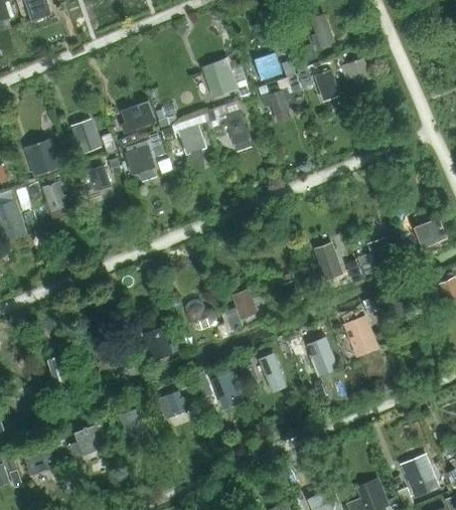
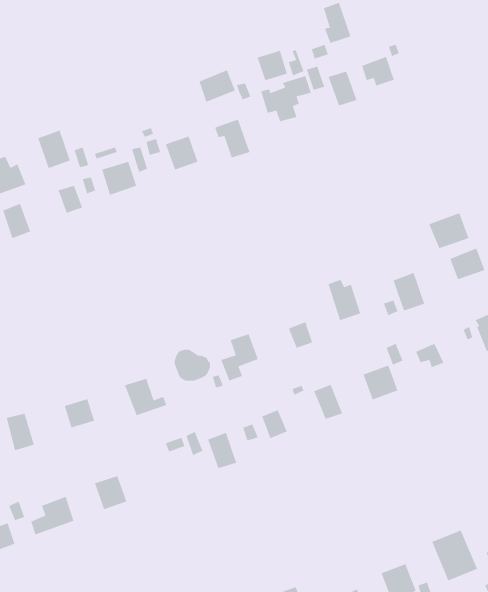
building: [121,106,155,133] -> none
building: none -> [428,212,470,249]
building: [157,390,186,418] -> none

